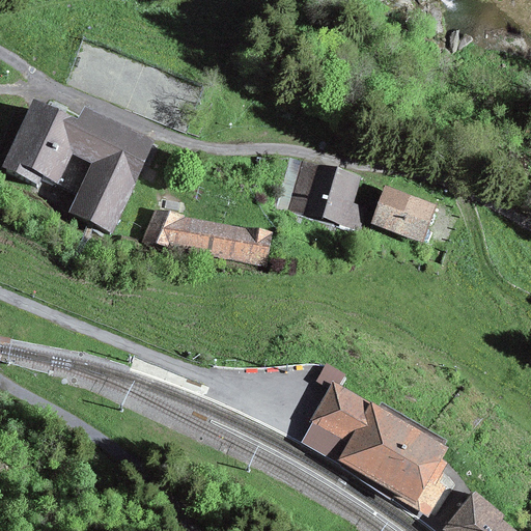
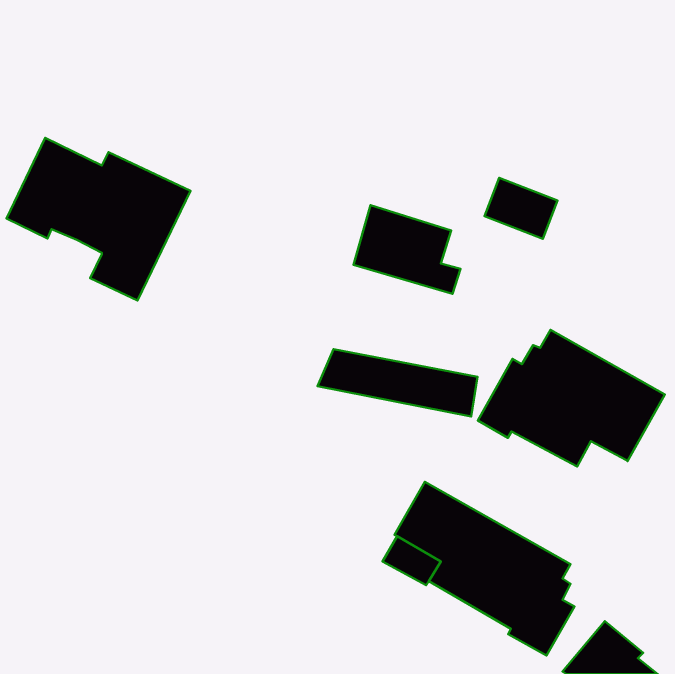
building: [375,193,432,241] -> [485,178,557,239]
building: [144,213,270,266] -> [317,349,478,417]
building: none -> [478,330,665,467]

